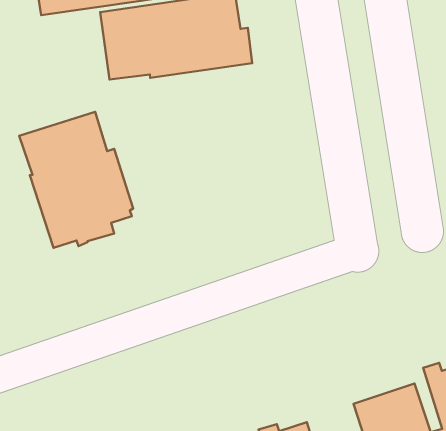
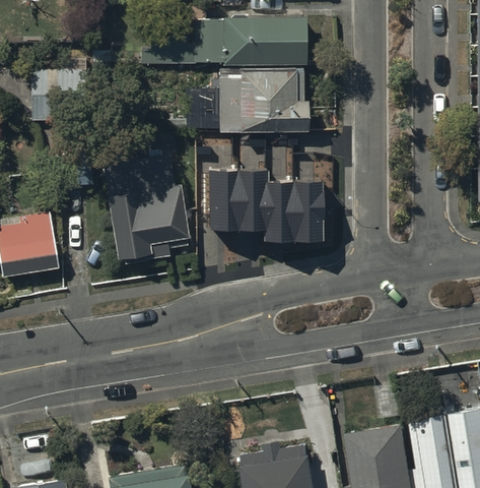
building: none -> [210,170,324,241]

